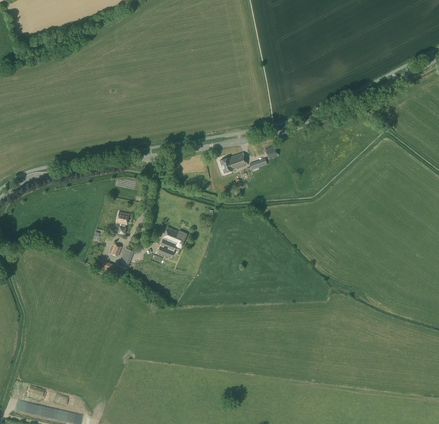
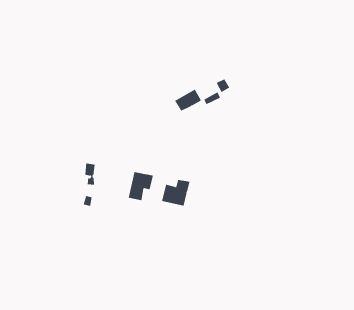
building: none -> [162,179,190,206]

